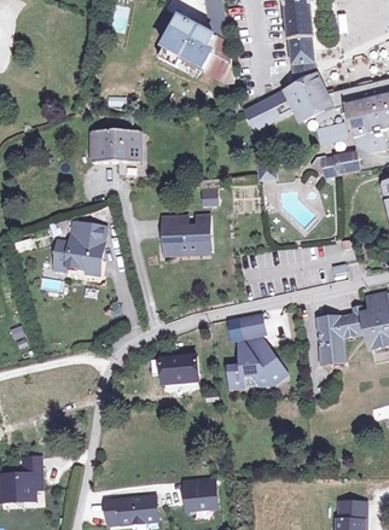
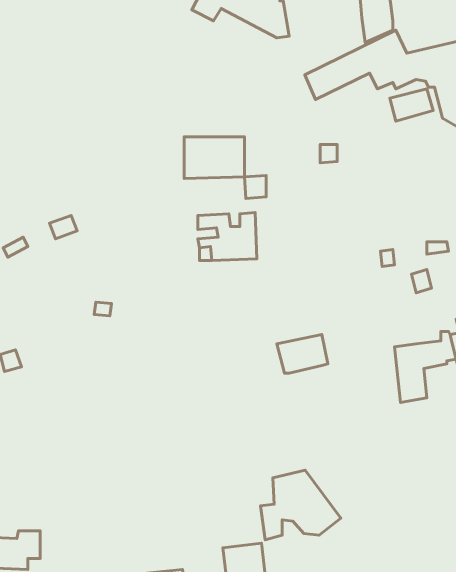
building: [93,130,140,163] -> [184,137,244,178]
building: [310,153,358,176] -> none
building: [52,222,101,272] -> none
building: [225,336,288,390] -> [260,470,341,540]
building: [150,353,198,383] -> none

